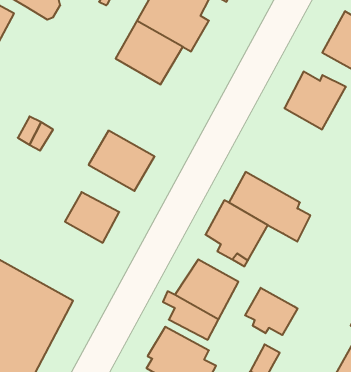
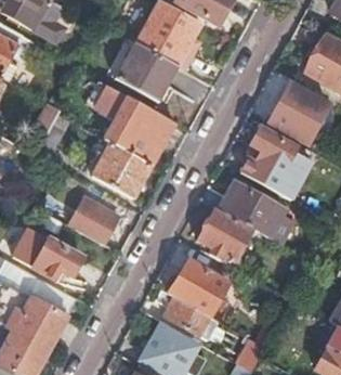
building: none -> [94,85,174,166]
building: none -> [240,127,310,198]
building: none -> [14,229,81,280]
building: [245,288,298,335] -> none

